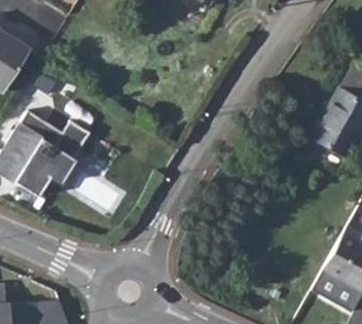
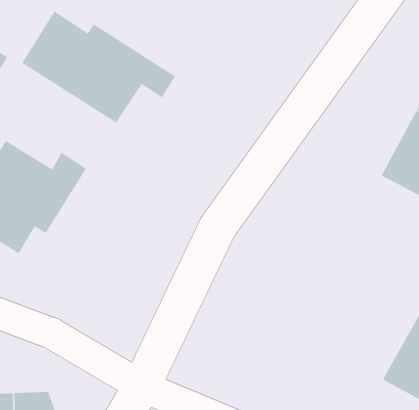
building: none -> [22,11,176,123]

